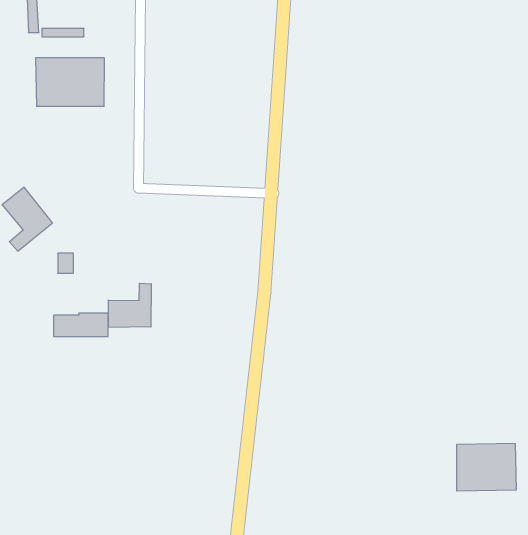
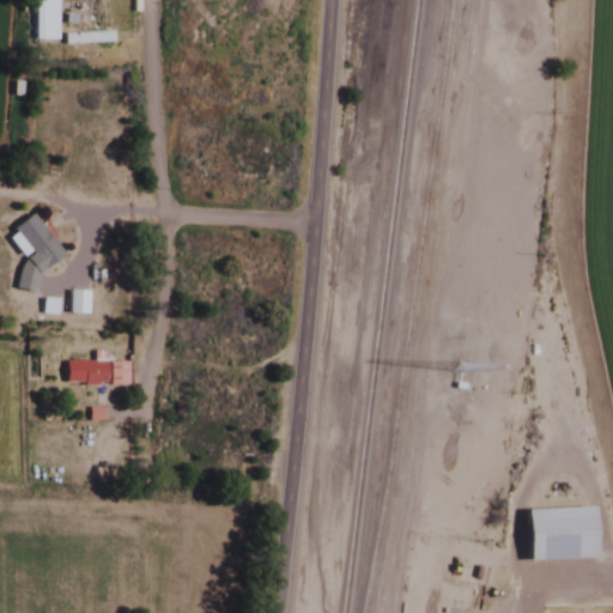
building: [36,58,104,107] -> none
building: [108,283,151,327] -> none

